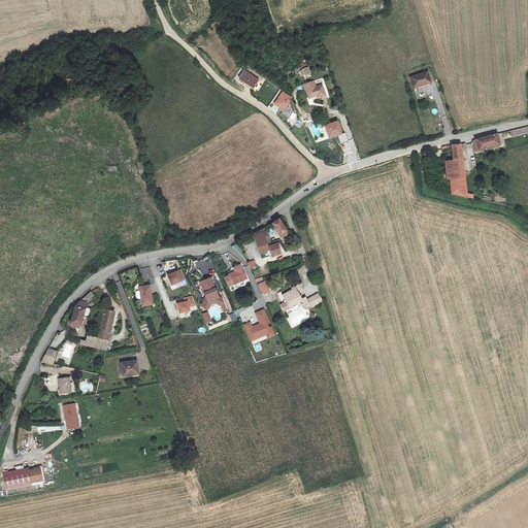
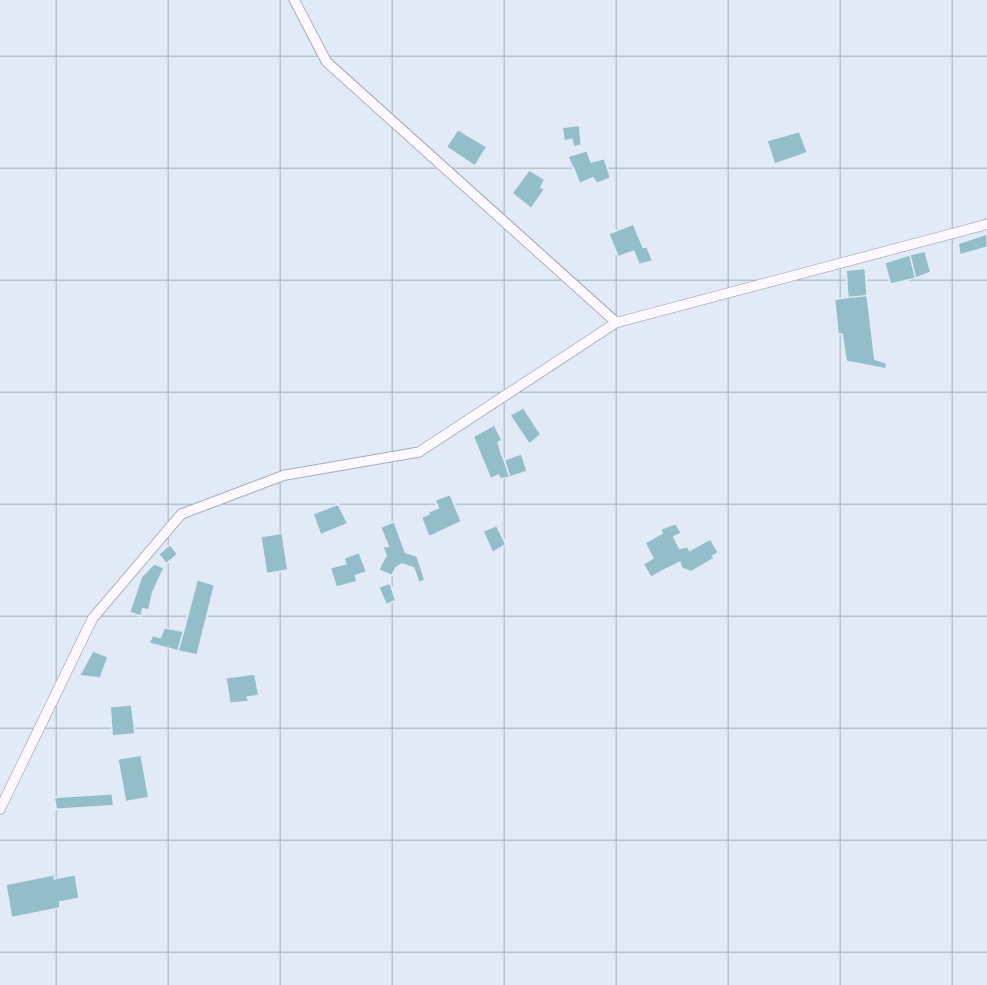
building: [282,284,322,312] -> [643,523,718,578]
building: [244,308,275,340] -> none

